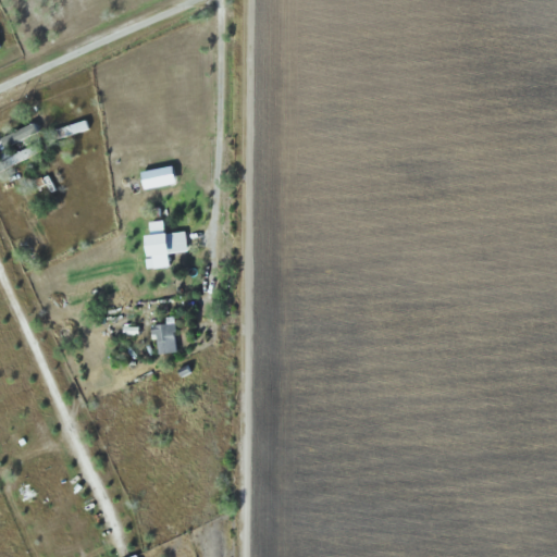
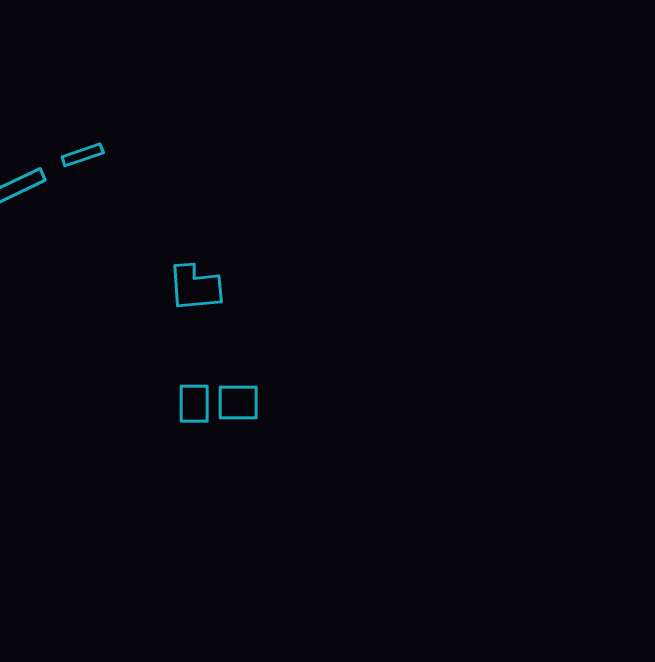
building: [138,169,174,187] -> none
building: none -> [220,387,256,418]

